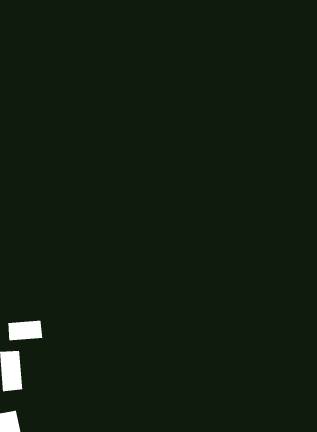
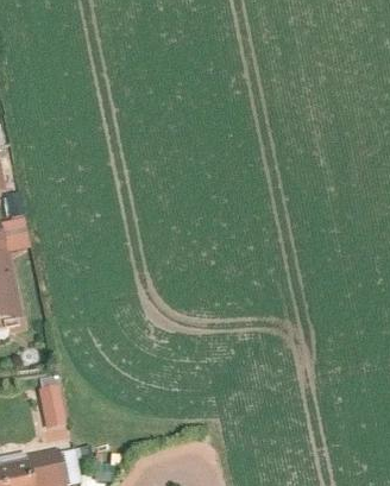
building: [8,320,43,341] -> none

